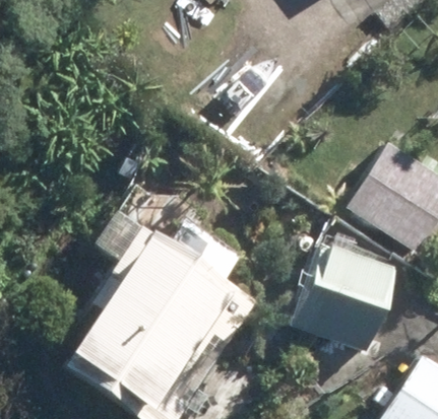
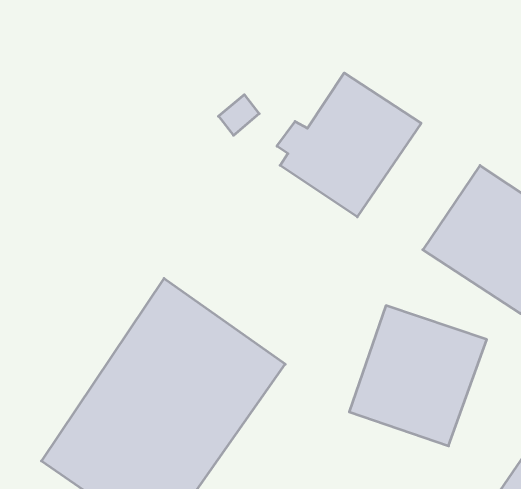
building: none -> [277,73,421,217]

